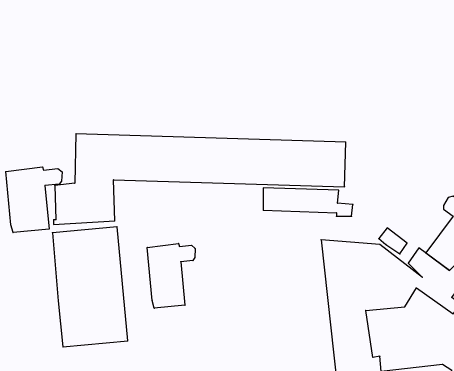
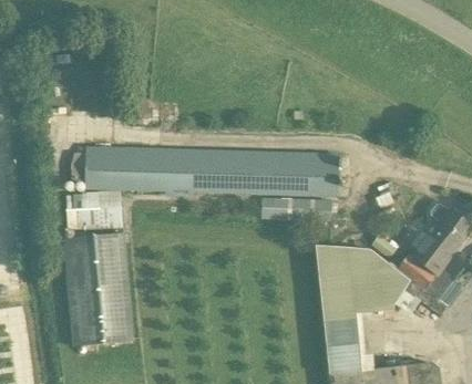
building: [6,167,62,233] -> none
building: [147,243,195,308] -> none

